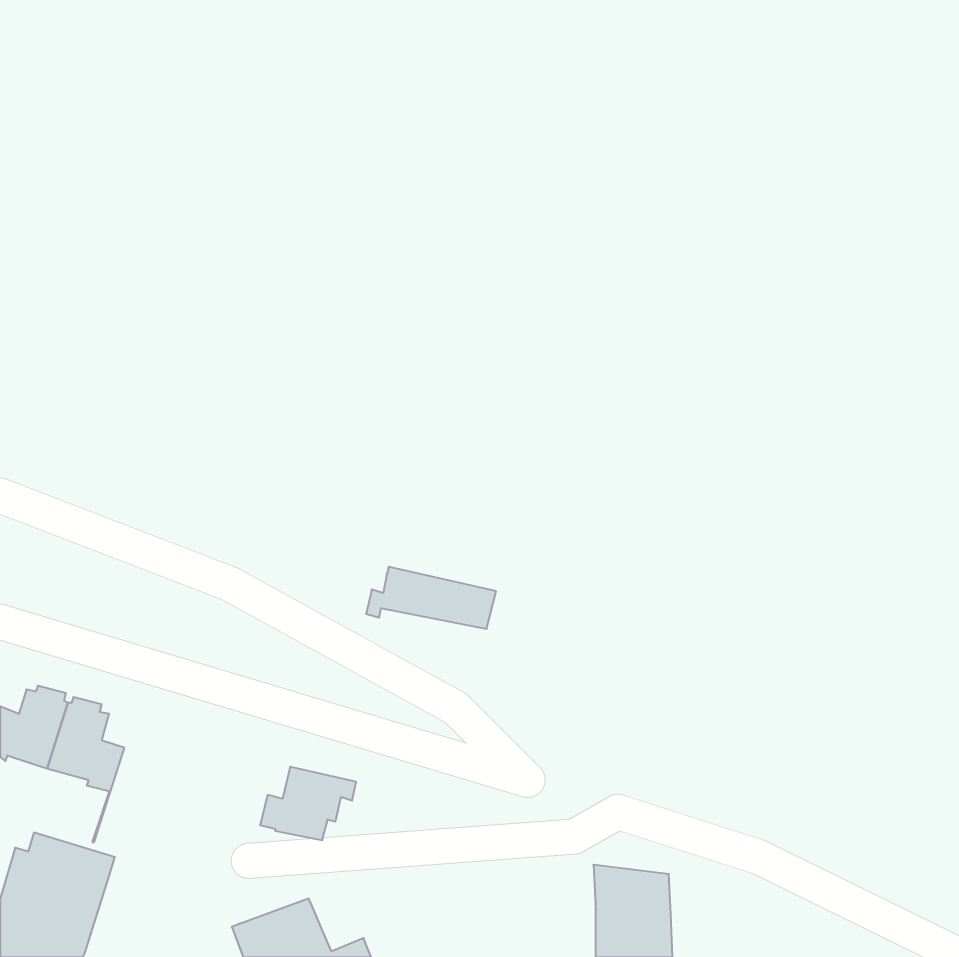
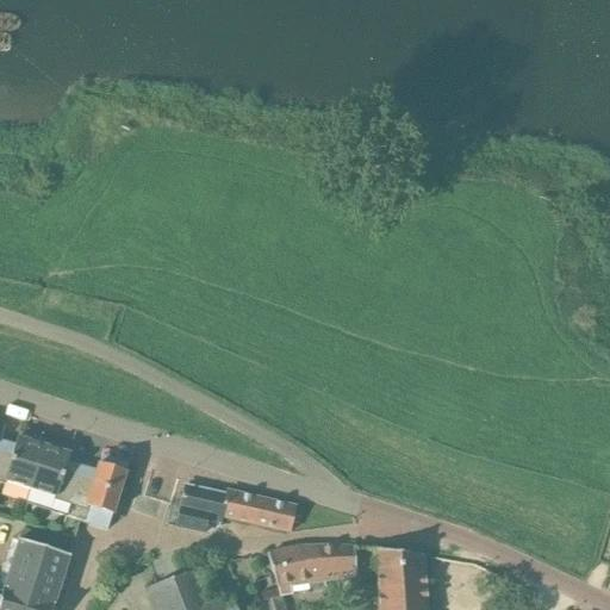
building: [366,567,496,629] -> [214,490,297,529]
building: none -> [62,461,127,537]
building: none -> [269,544,359,592]

